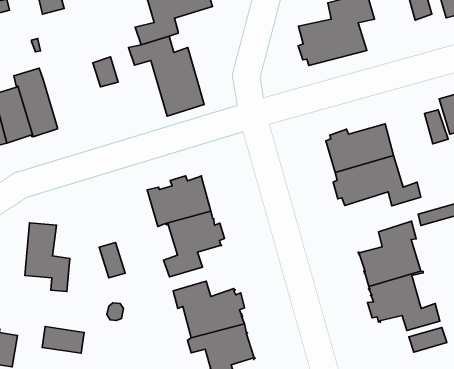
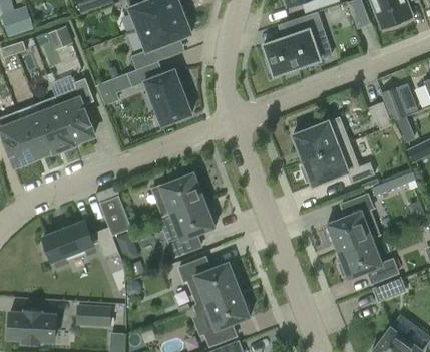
building: none -> [59,77,94,142]
building: none -> [99,195,131,235]

